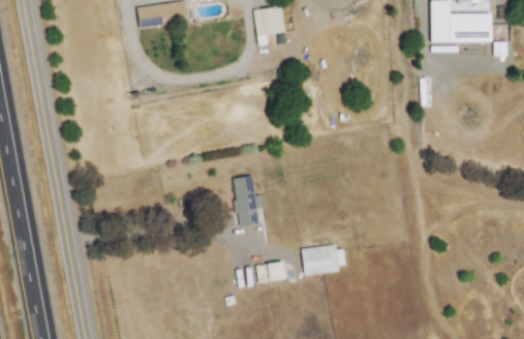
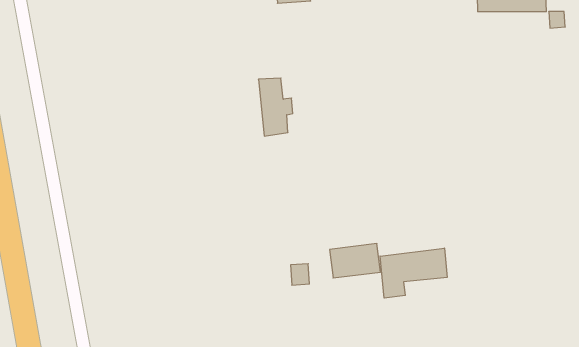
building: [234,176,264,226] -> [258,78,293,136]
building: none -> [380,248,447,298]

